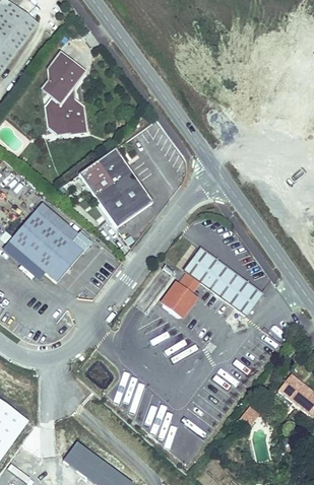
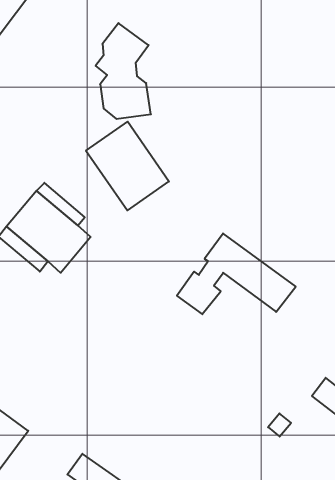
building: [38,53,86,137] -> [96,23,151,119]

